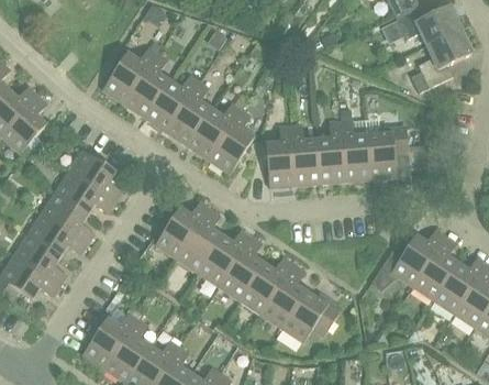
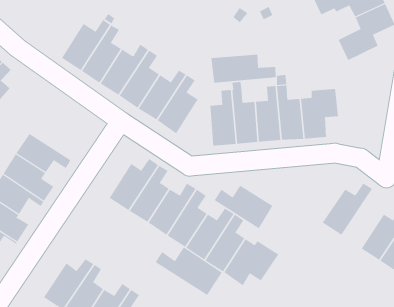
building: none -> [211,54,276,84]
building: [67,148,122,202] -> none
building: none -> [214,185,273,229]
building: [412,234,458,300] -> none
building: none -> [155,247,223,296]

